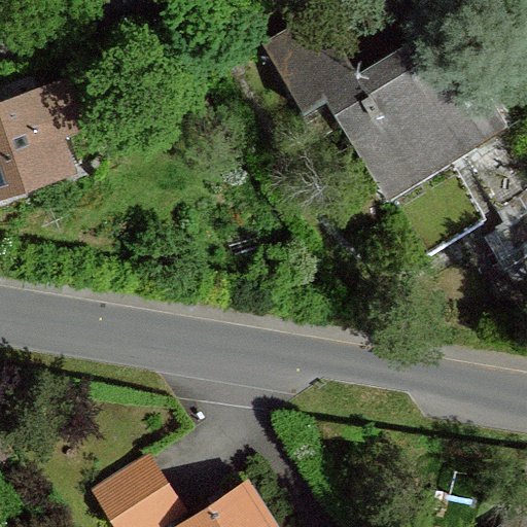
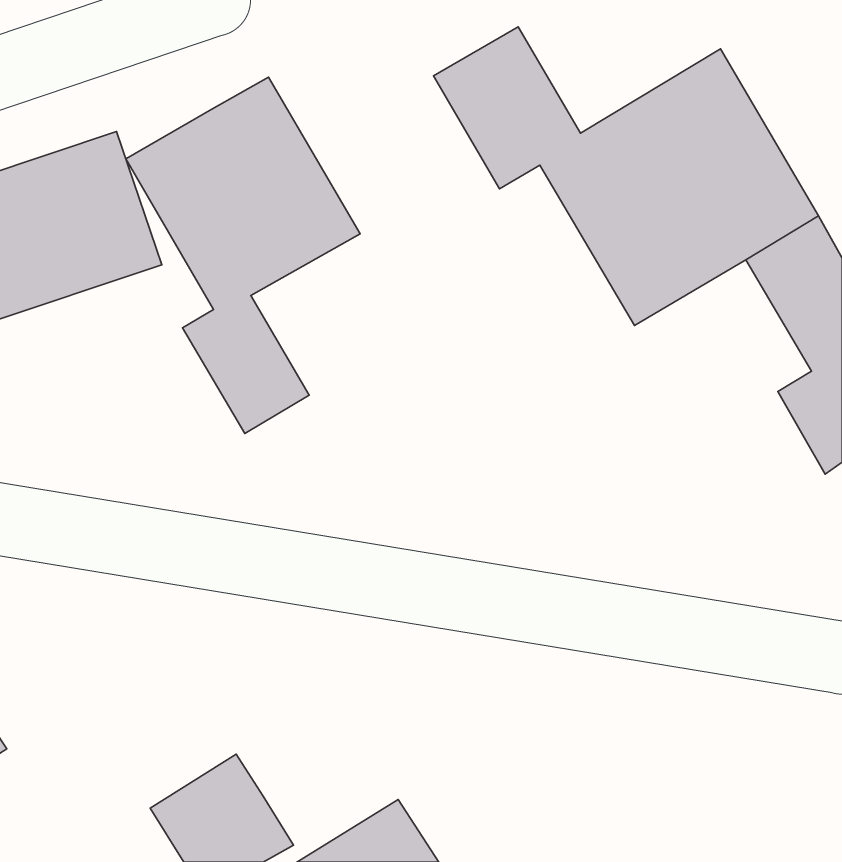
building: none -> [126,77,360,433]

